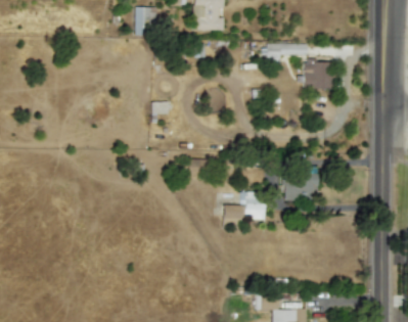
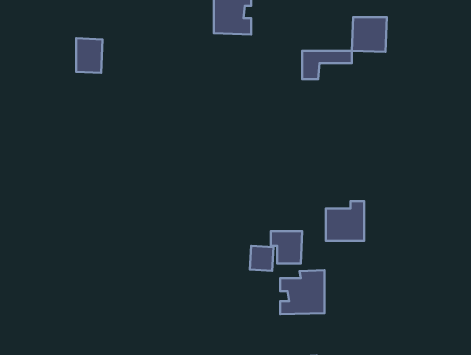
building: [135,6,156,35] -> [76,38,102,73]
building: [304,59,332,88] -> [352,17,387,52]
building: none -> [280,270,325,314]

